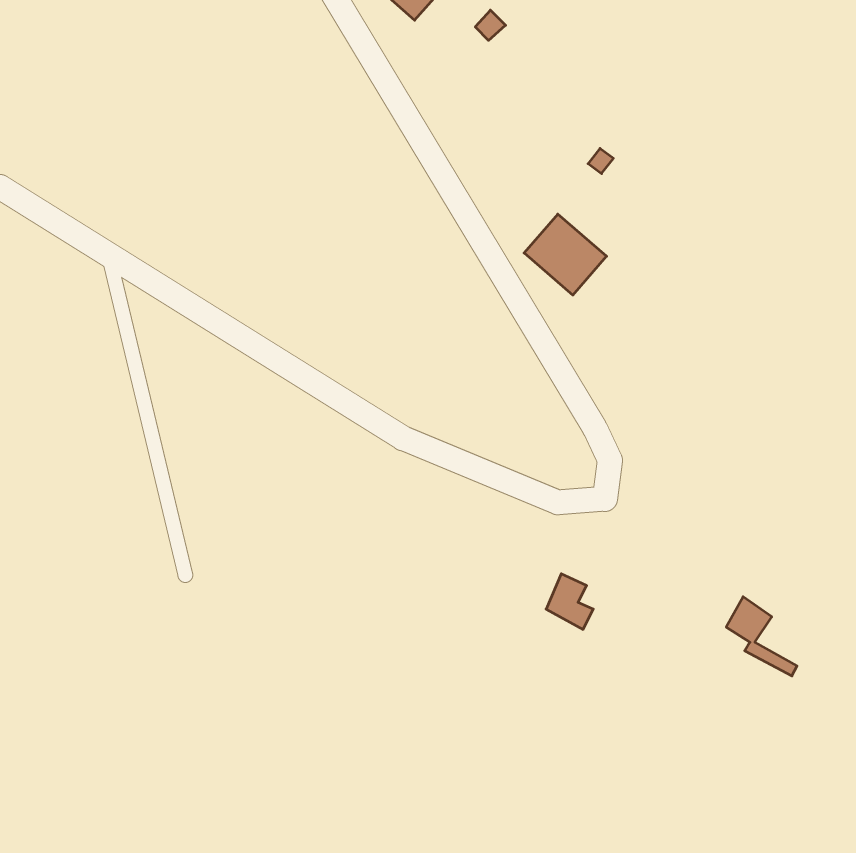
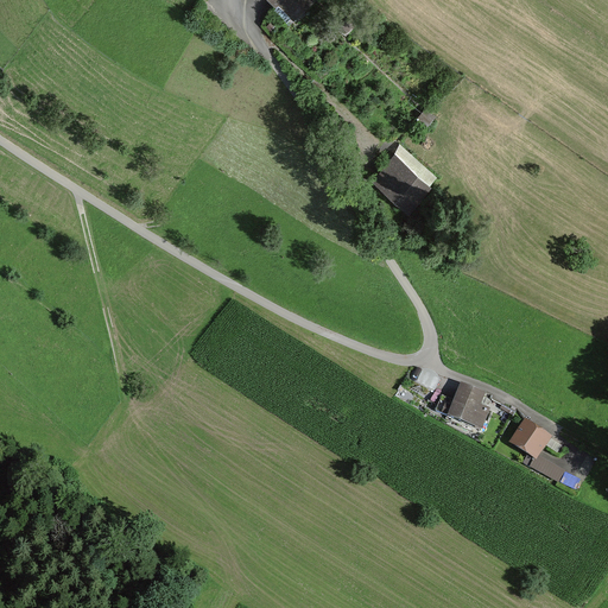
building: [546,574,593,629] -> [455,384,488,423]

